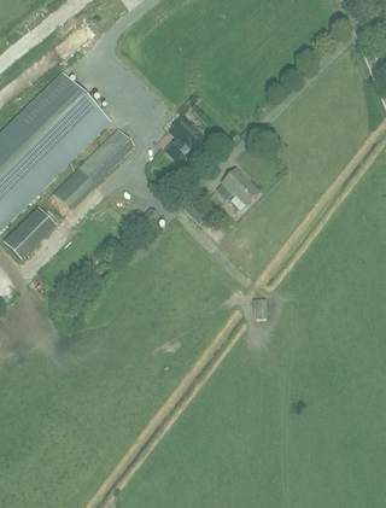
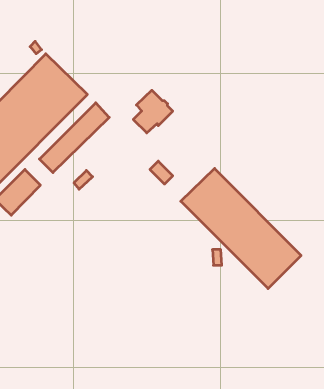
building: [216,169,259,205] -> none
building: none -> [181,168,301,289]

